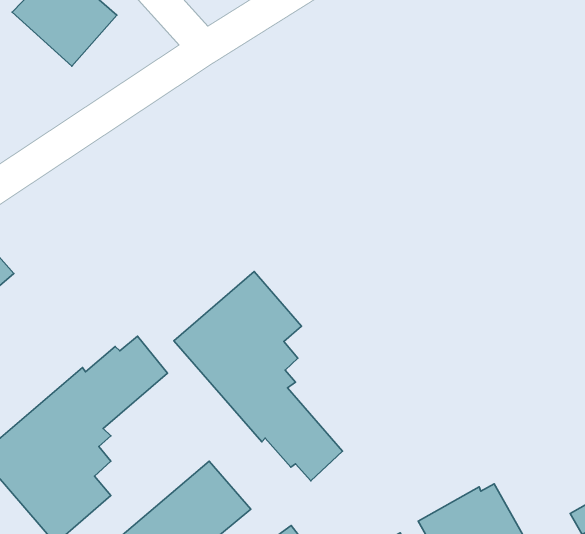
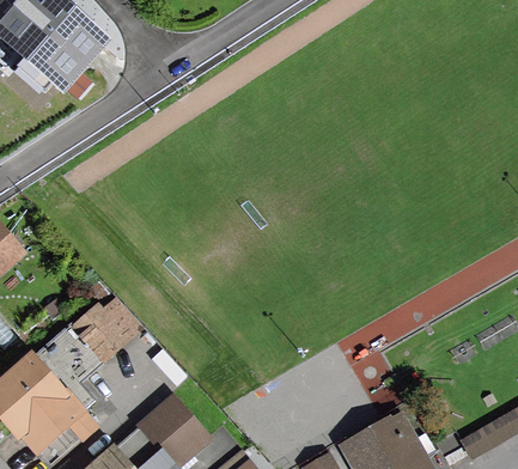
building: [174,271,342,481] -> none

